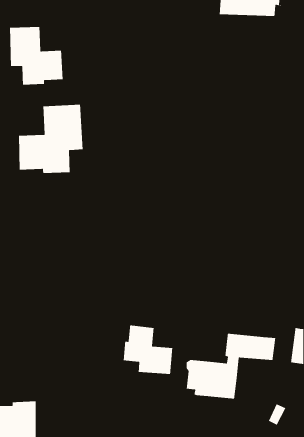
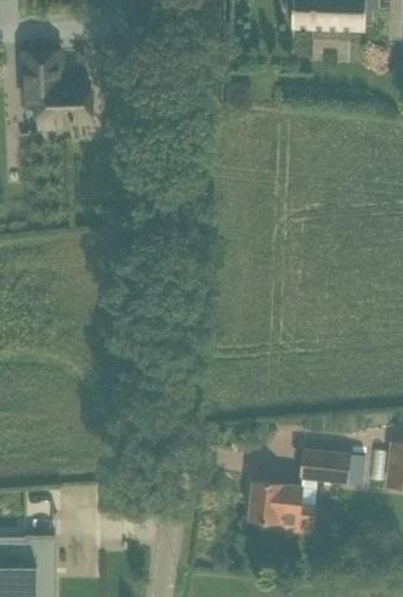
building: [18,104,84,174] -> none
building: [123,324,173,375] -> none

